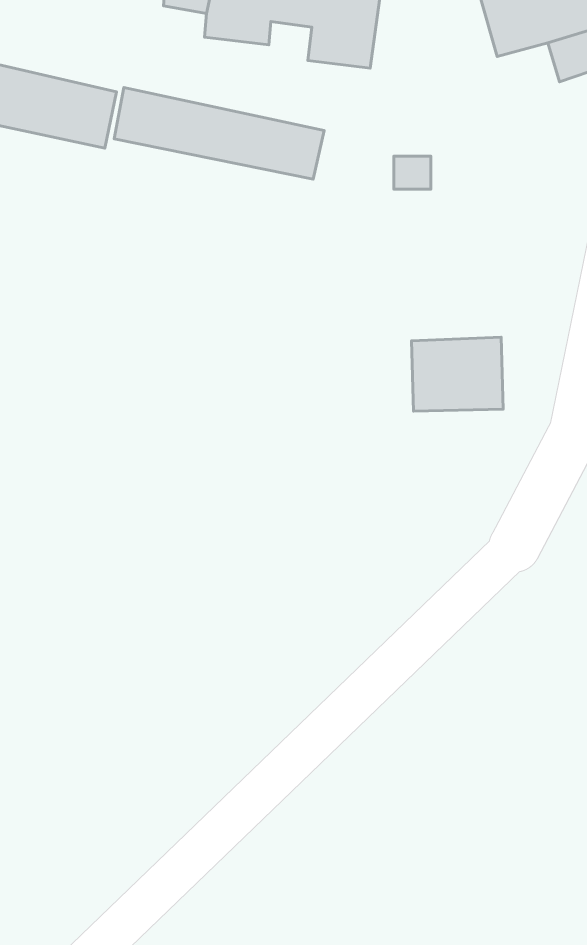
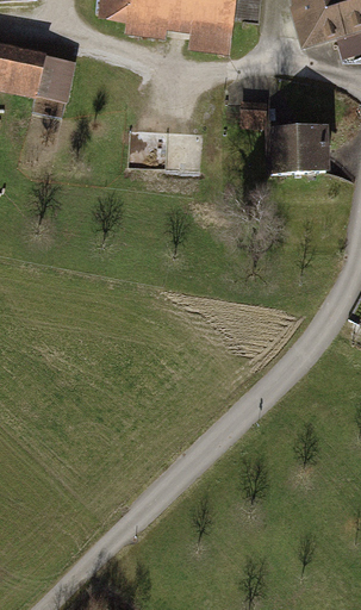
building: [114,88,324,179] -> none
building: [412,337,503,411] -> [269,127,325,173]

